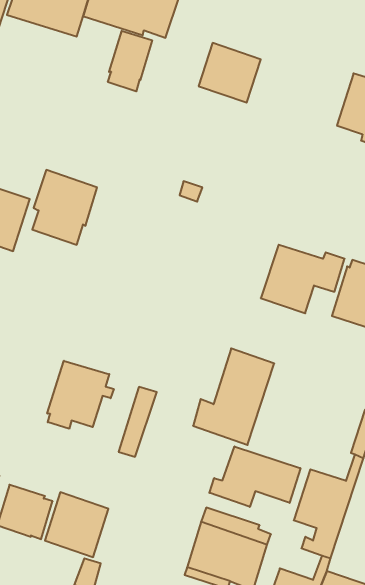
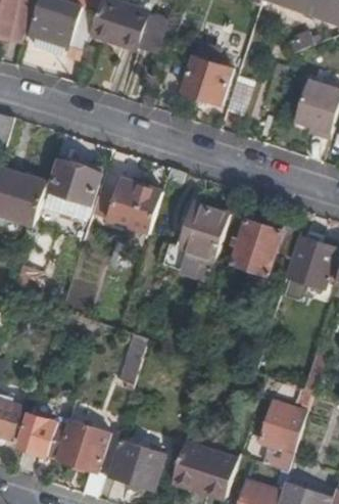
building: [108,31,152,91] -> none
building: none -> [108,179,162,233]
building: [193,348,274,445] -> [164,201,230,279]
building: [47,361,114,429] -> none
building: [209,446,300,507] -> none
building: none -> [105,438,164,489]

